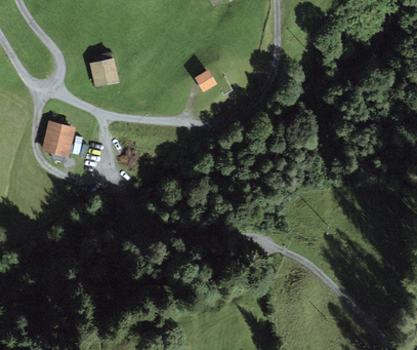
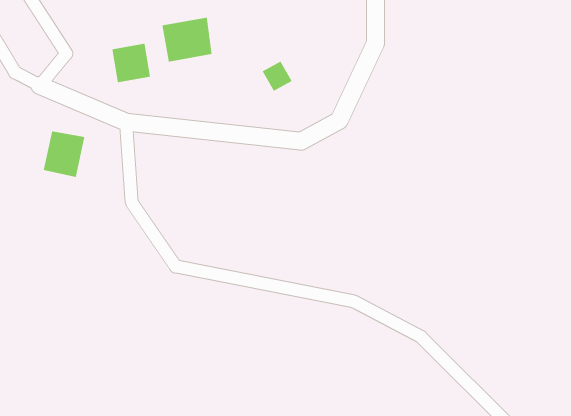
building: none -> [162,17,212,63]

